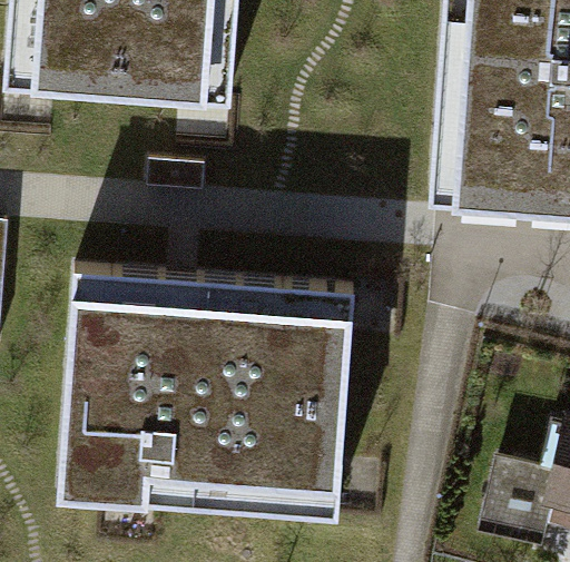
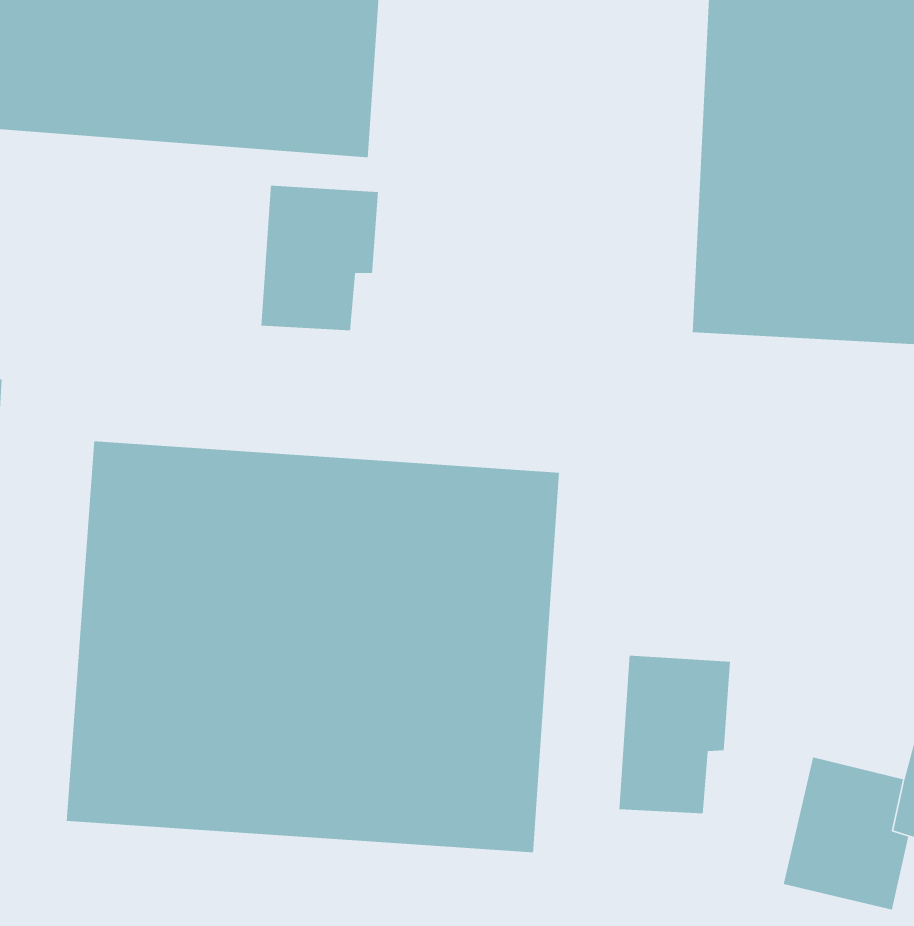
building: none -> [261,185,379,331]
building: none -> [618,655,731,814]

